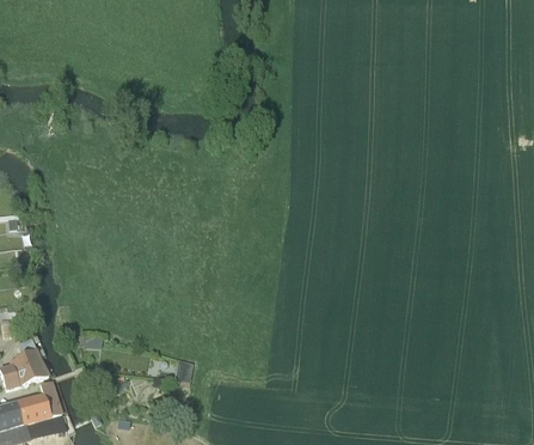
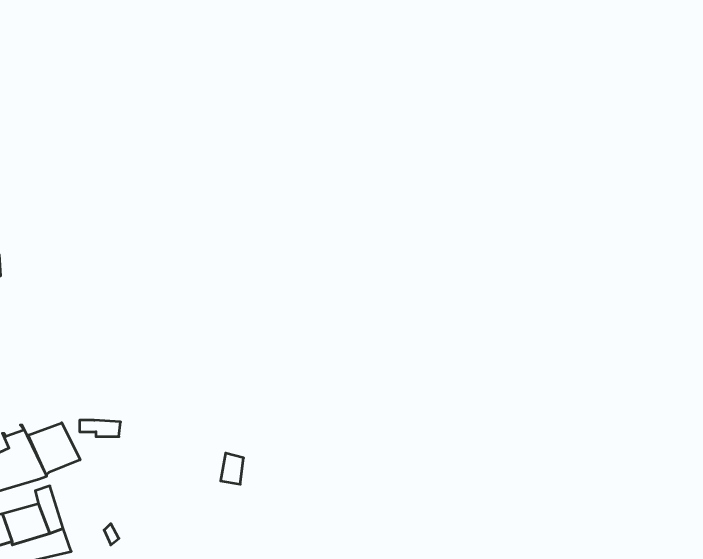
building: none -> [28,423,80,475]

